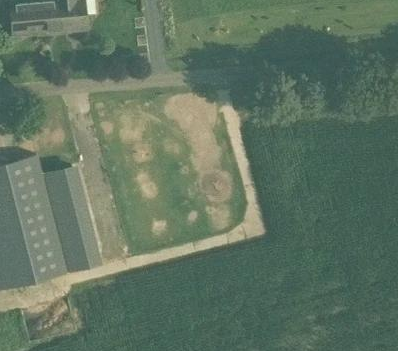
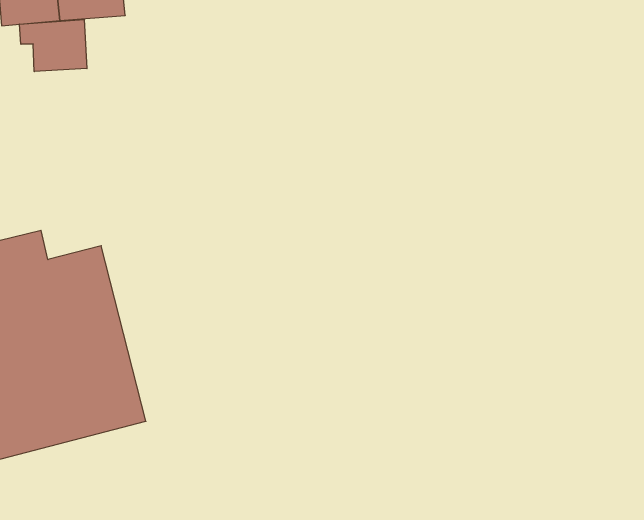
building: none -> [19,19,87,72]

